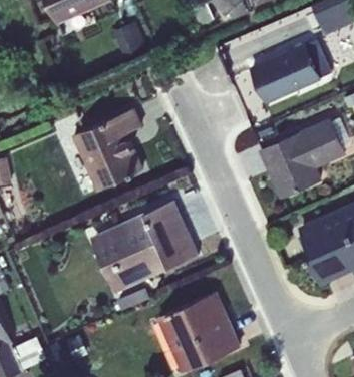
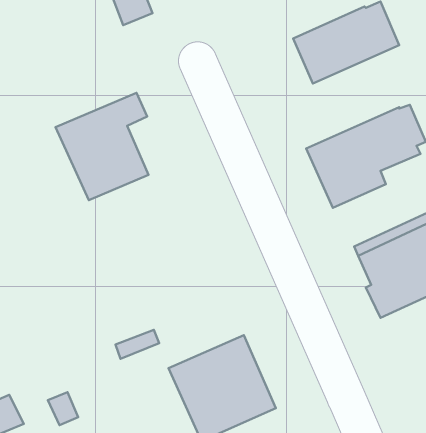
building: [89,201,198,293] -> none

